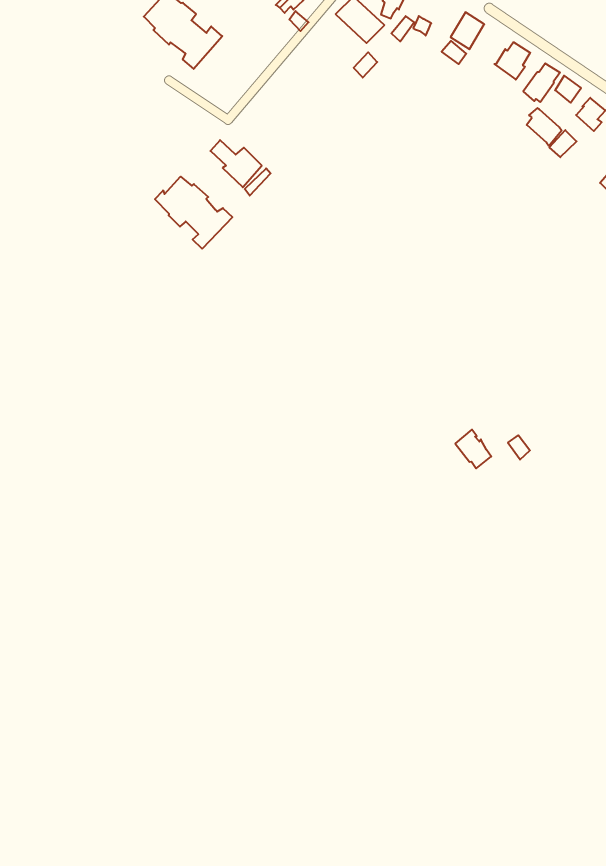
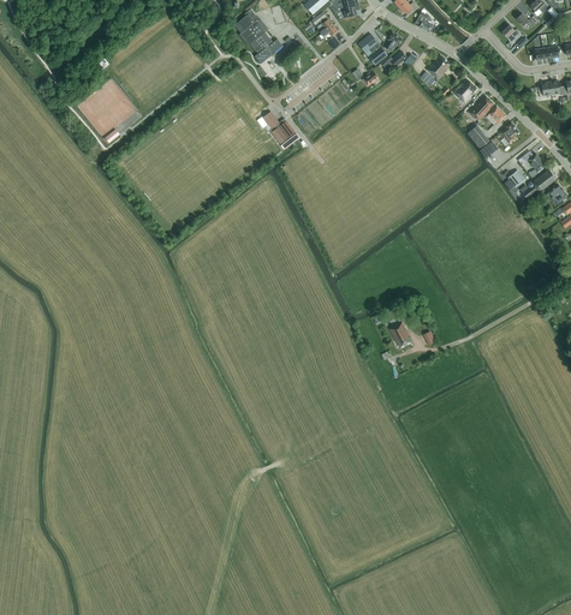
building: [155,177,232,249] -> none

